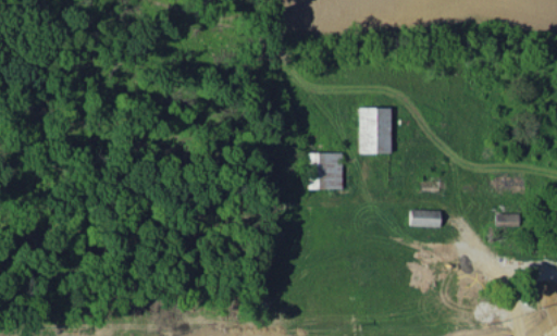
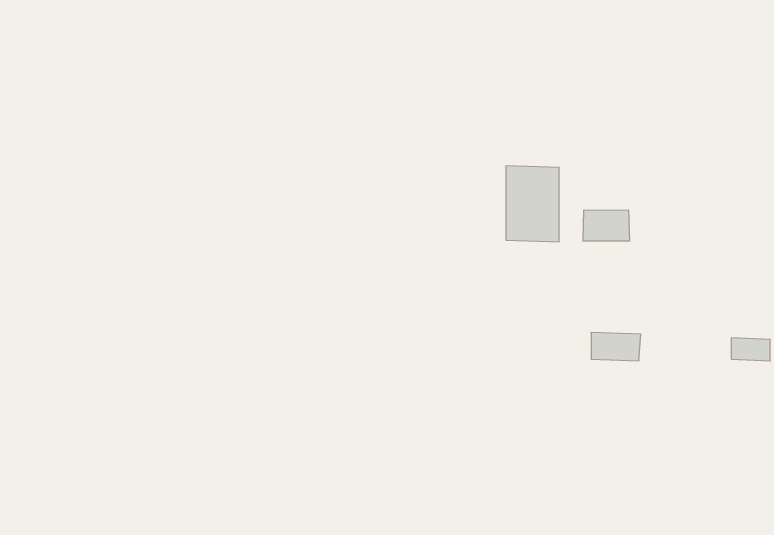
building: none -> [583,210,629,241]
building: [308,152,344,189] -> none

